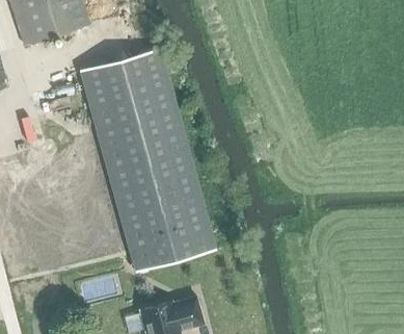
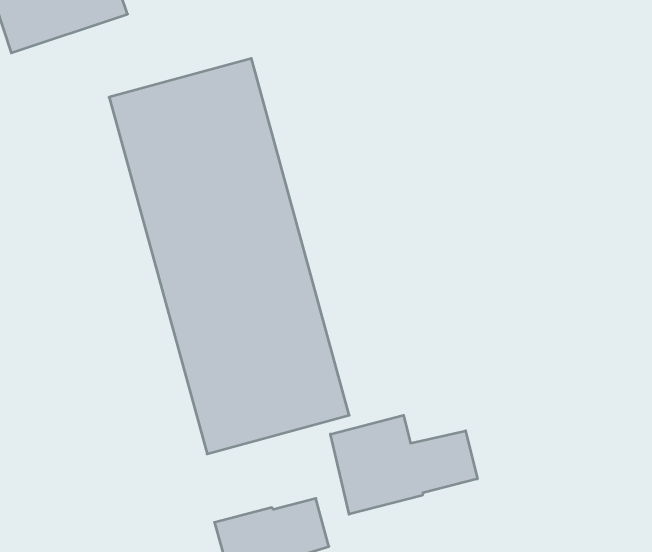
building: none -> [330,415,477,514]

